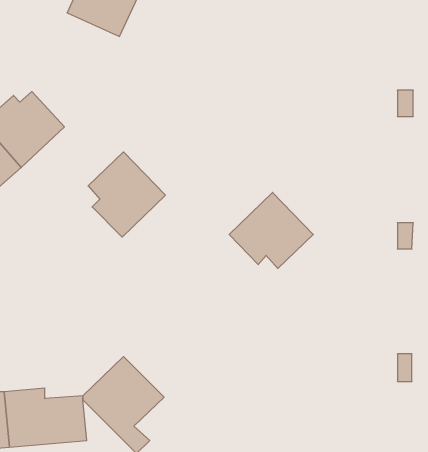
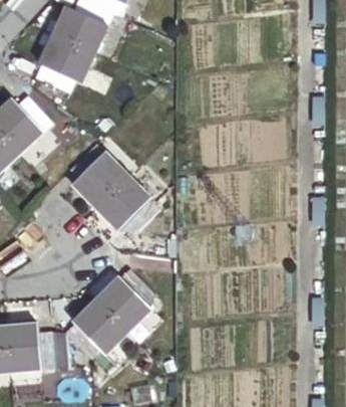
building: none -> [33,36,92,94]
building: [229,192,313,268] -> [94,176,158,234]
building: none -> [95,268,152,331]

